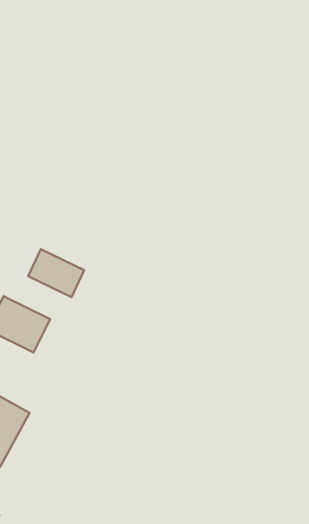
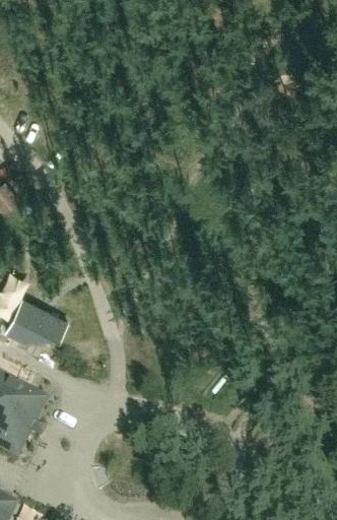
building: [28,249,84,297] -> none

